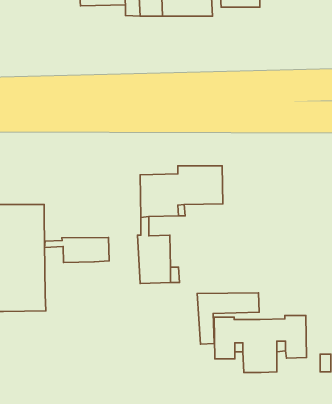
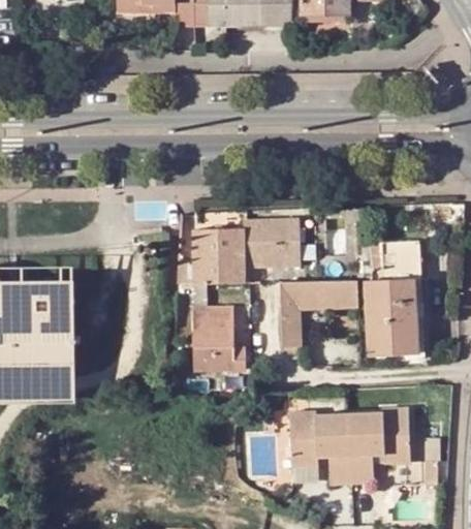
building: none -> [365,241,420,354]
building: [45,238,109,263] -> none
building: [197,293,259,344] -> [280,280,359,346]

